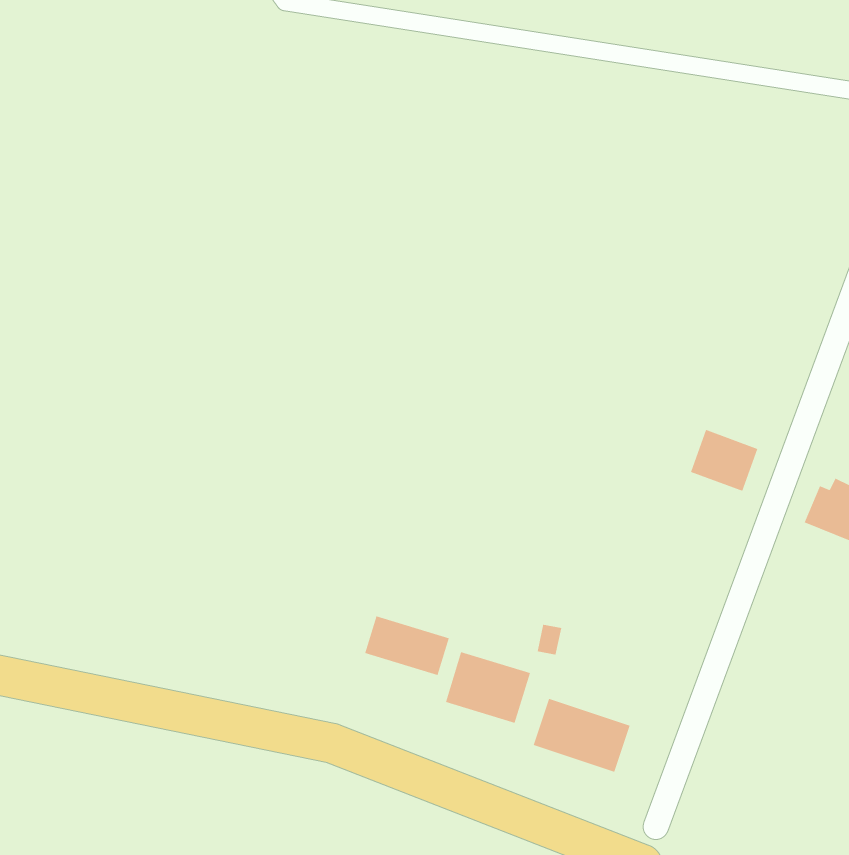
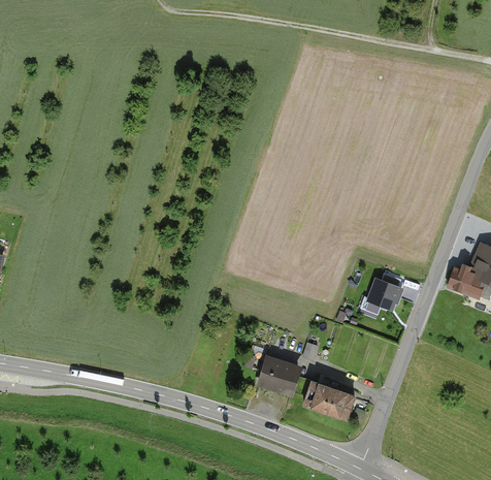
building: [690,429,758,492] -> [366,278,402,311]
building: [365,615,450,676] -> none

